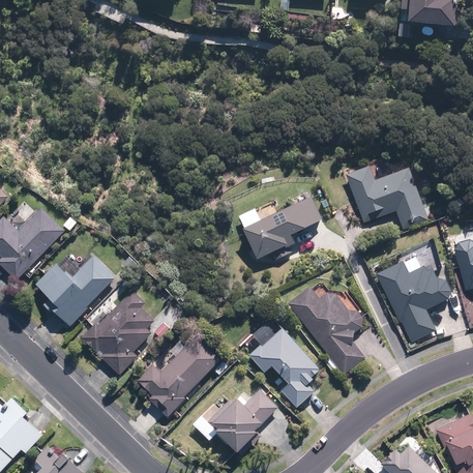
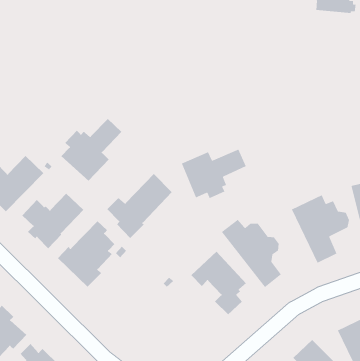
building: none -> [61,118,122,182]
building: [345,166,428,230] -> none
building: [137,333,220,416] -> [106,173,173,239]
building: [191,387,277,454] -> none

